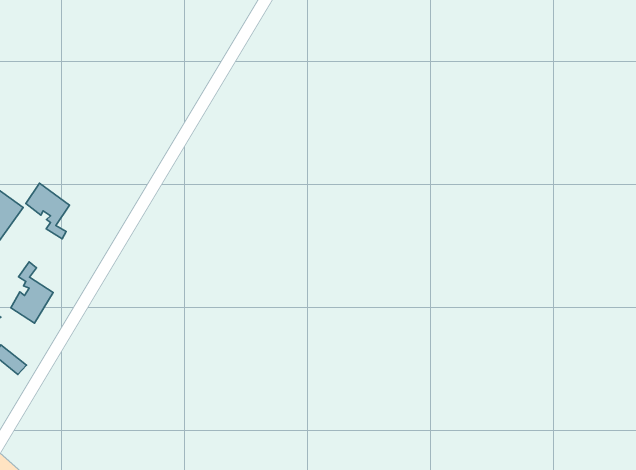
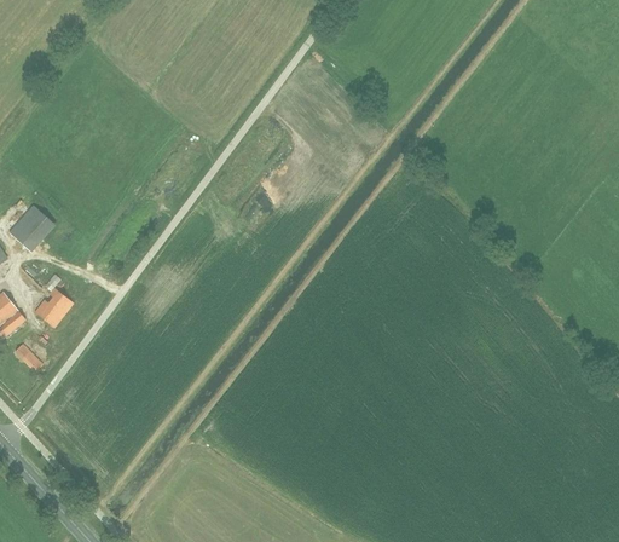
building: [26,183,70,239] -> none

